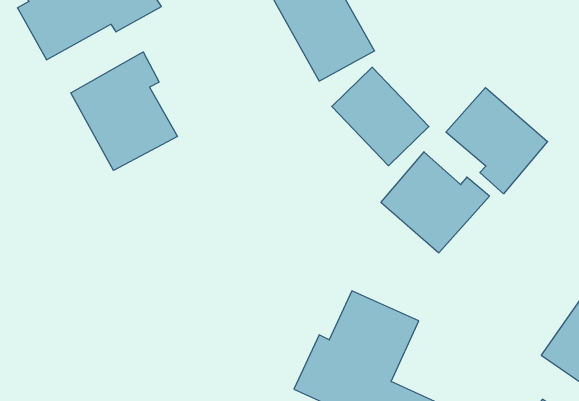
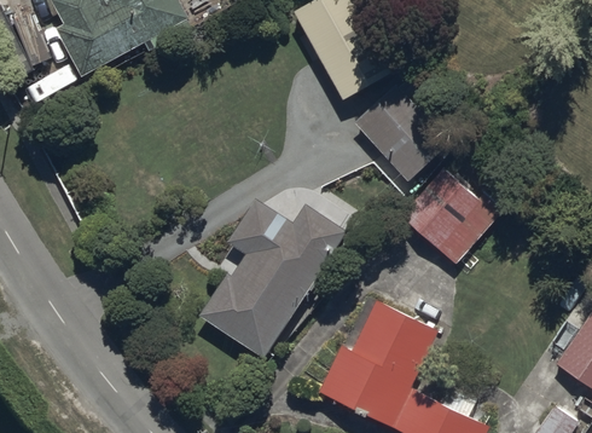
building: [71,52,177,170] -> none
building: [446,88,548,194] -> none
building: none -> [199,190,356,359]

